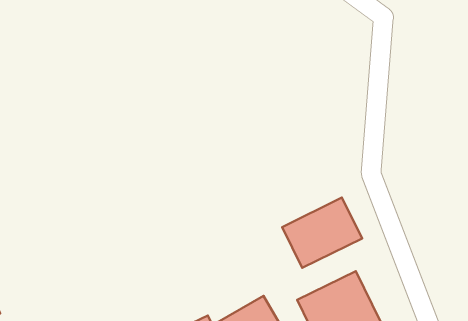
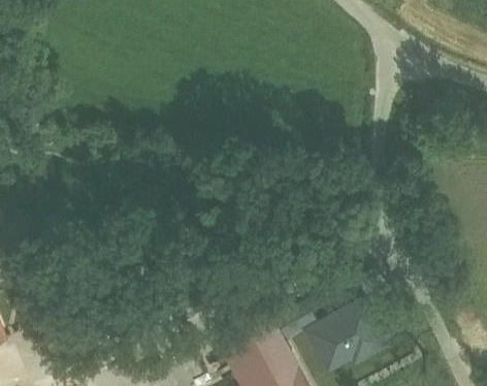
building: [282,198,362,268] -> none

